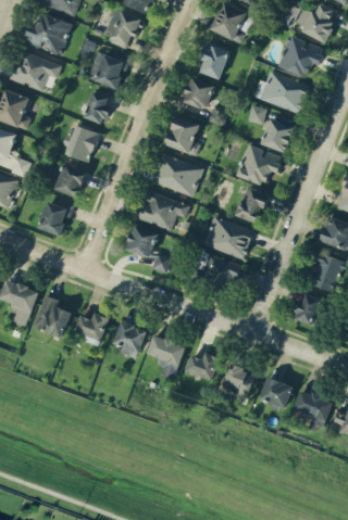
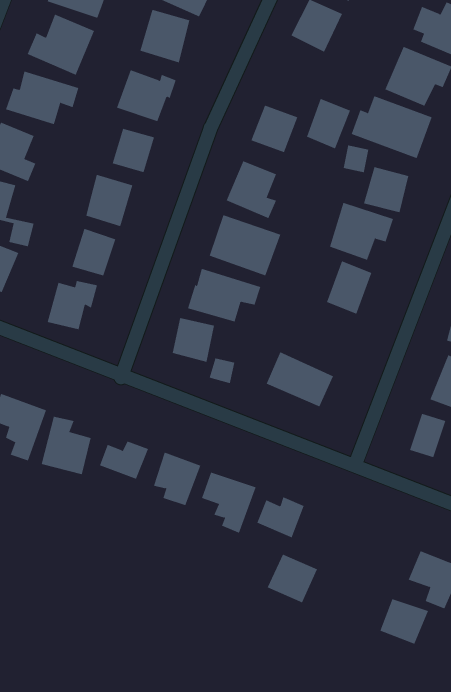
building: [198,43,229,79] -> [306,98,351,149]
building: [201,215,253,259] -> none
building: [220,364,256,398] -> [267,554,318,603]
building: [259,377,294,409] -> [379,598,429,645]

